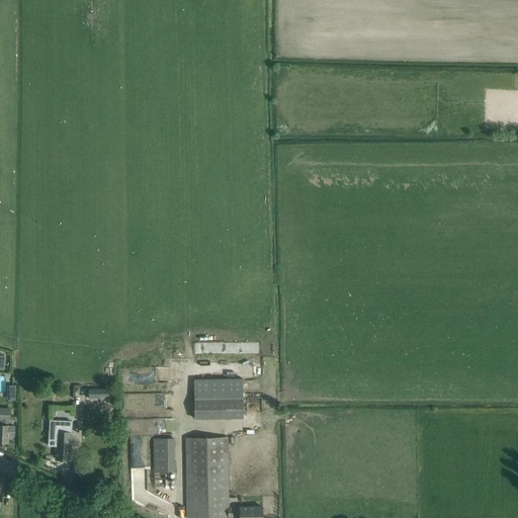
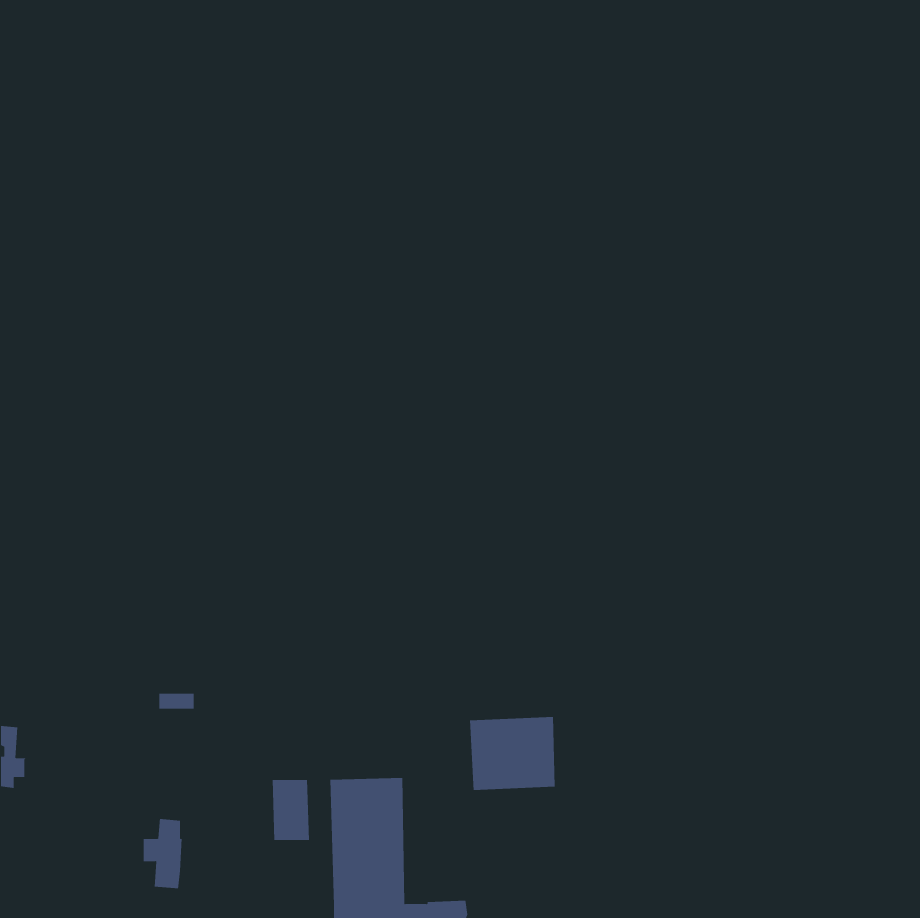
building: [193,377,242,419] -> [469,717,556,790]
building: [50,422,72,461] -> [143,819,183,889]

